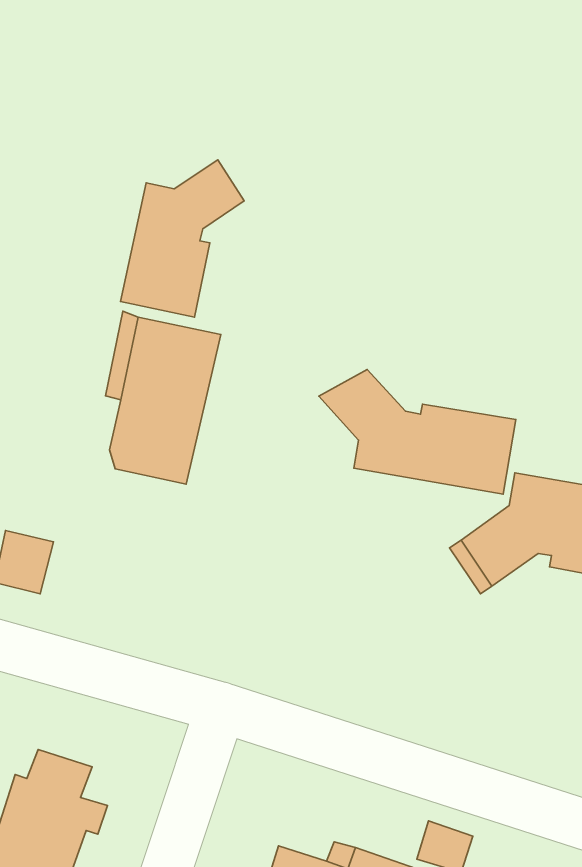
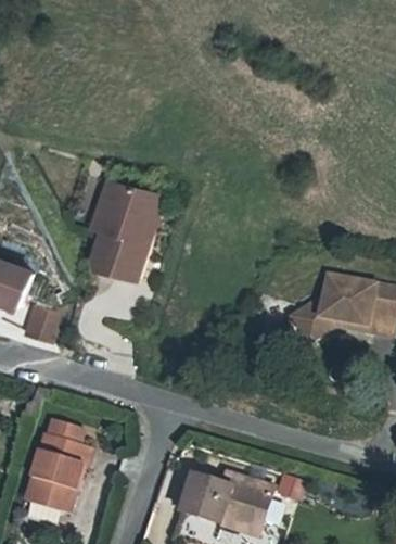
building: [120,160,244,317] -> none
building: [319,369,516,494] -> none

